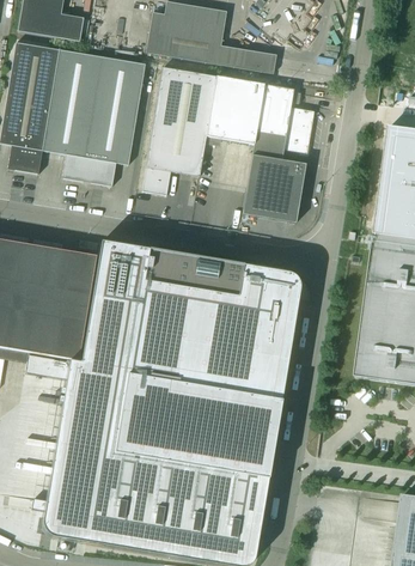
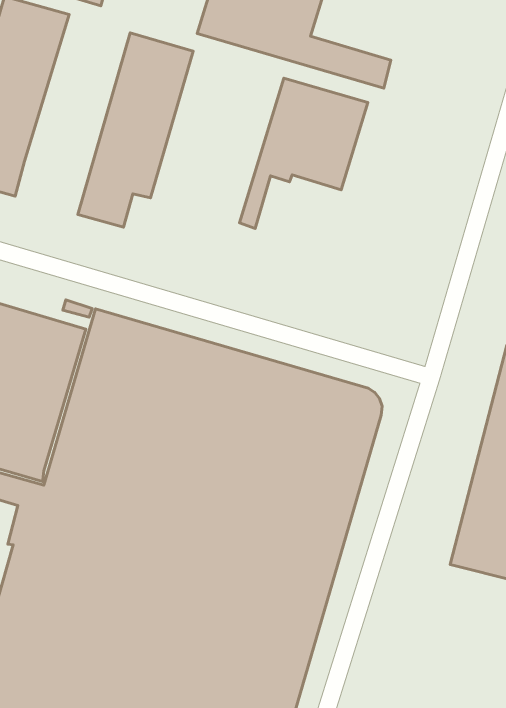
building: [43,48,103,179] -> none
building: [144,66,208,194] -> none
building: [244,83,316,221] -> none

